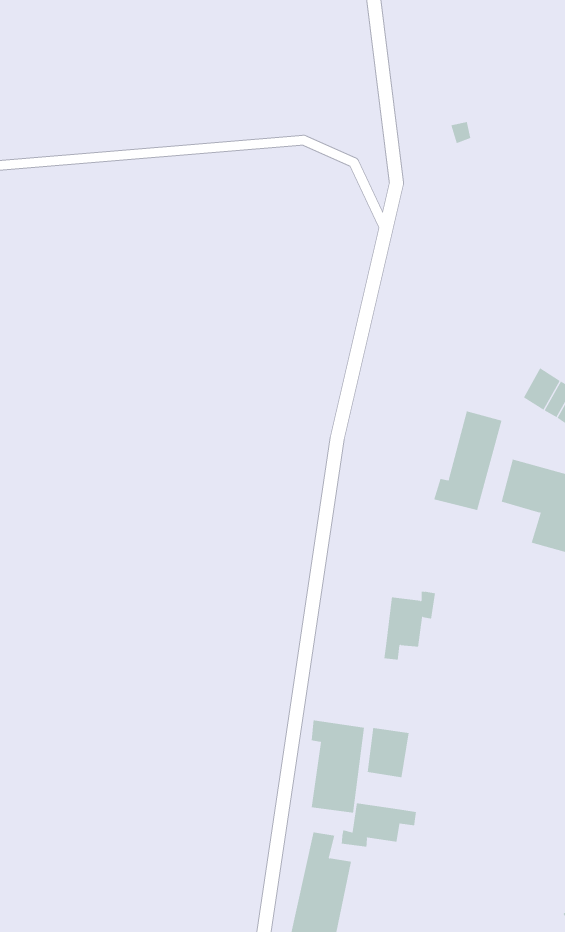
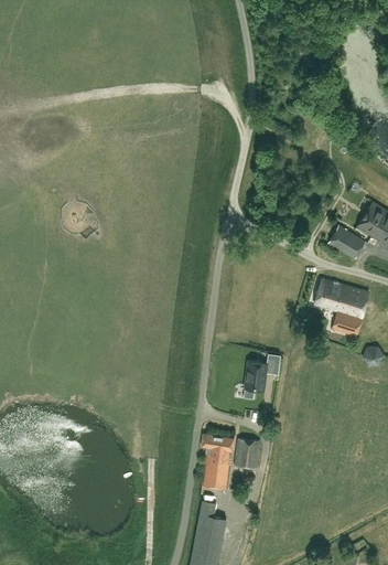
building: [434,411,502,511] -> none
building: [341,802,417,847] -> none

